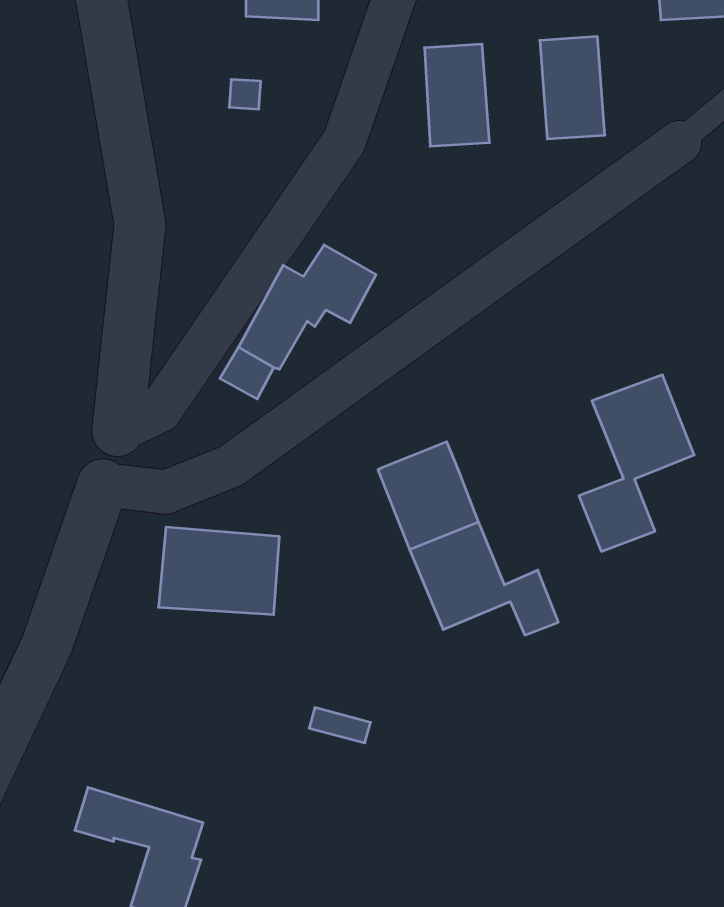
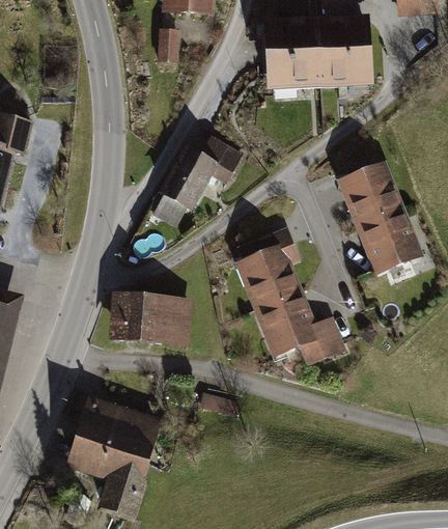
building: none -> [301,24,337,81]
building: none -> [336,165,401,225]
building: none -> [239,228,301,266]
building: none -> [81,405,156,461]

